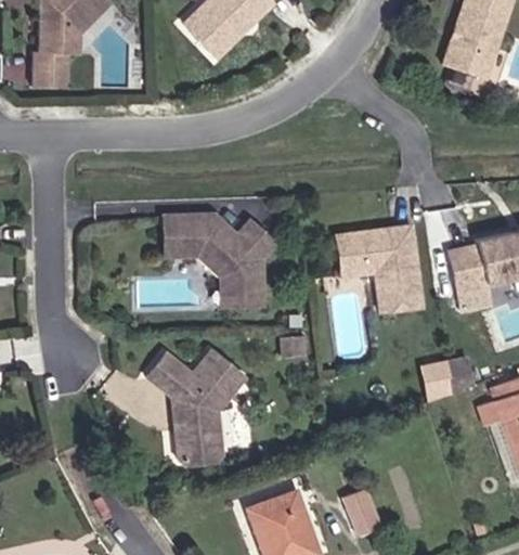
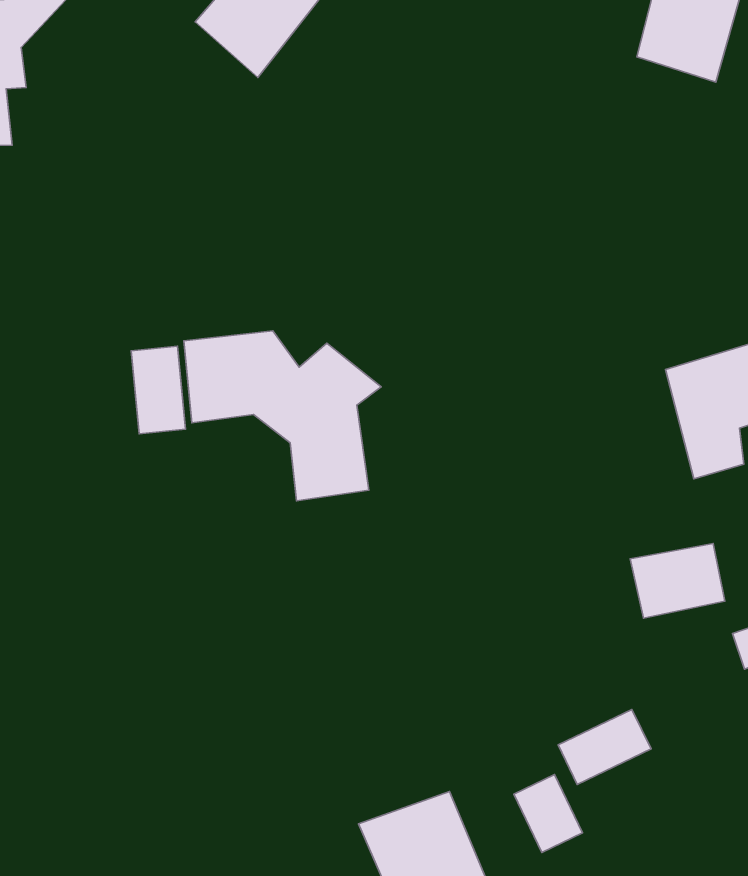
building: none -> [131,346,185,434]
building: [337,225,426,313] -> none
building: [144,348,246,466] -> none
building: none -> [558,709,651,784]

